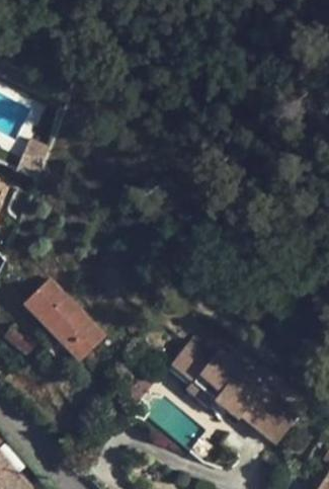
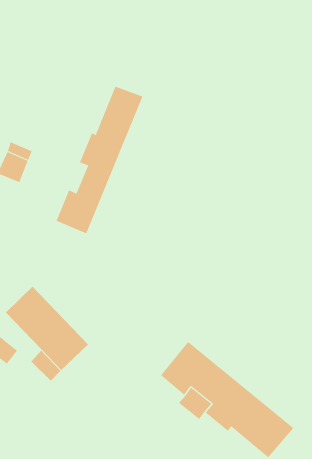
building: none -> [56,86,143,234]

